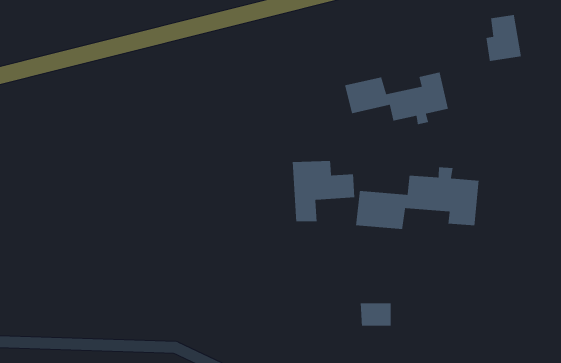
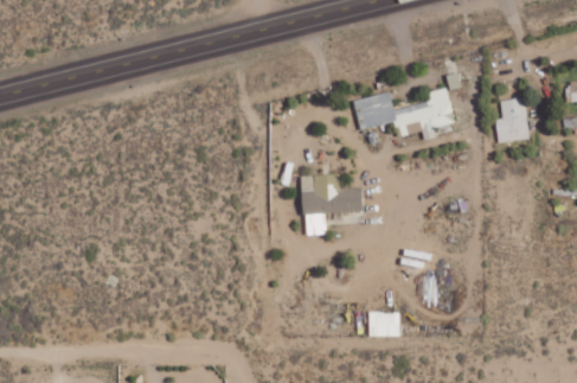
building: [485,14,522,62] -> [494,97,530,143]
building: [355,166,480,230] -> none

